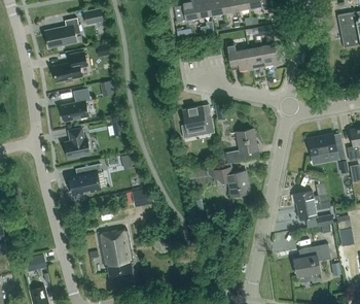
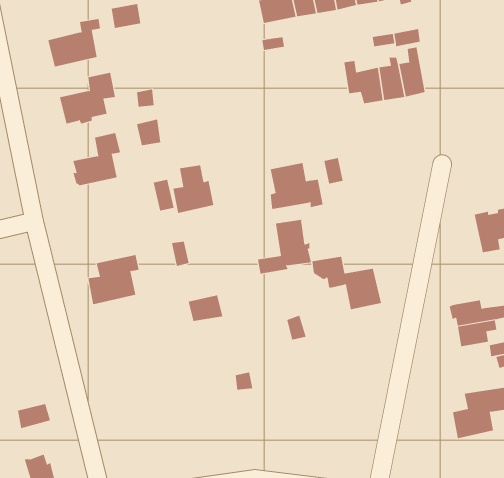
building: [65,129,91,159] -> [172,165,214,214]
building: [225,130,259,164] -> [257,219,312,274]
building: [98,229,133,280] -> none

